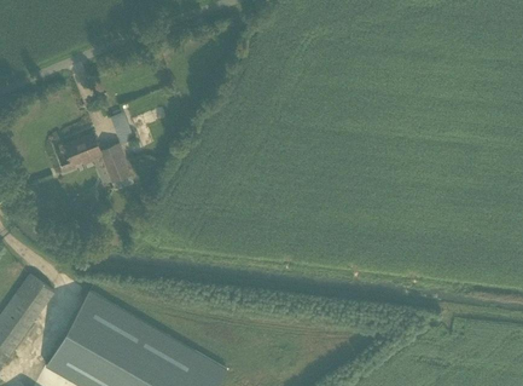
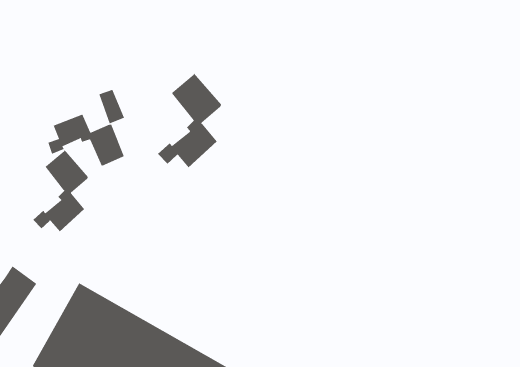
building: none -> [157,73,222,168]
building: none -> [33,149,89,232]

